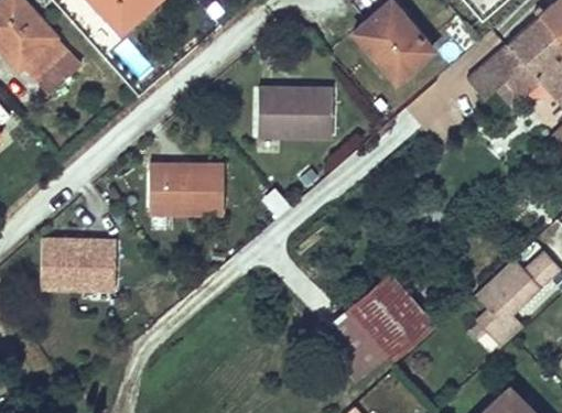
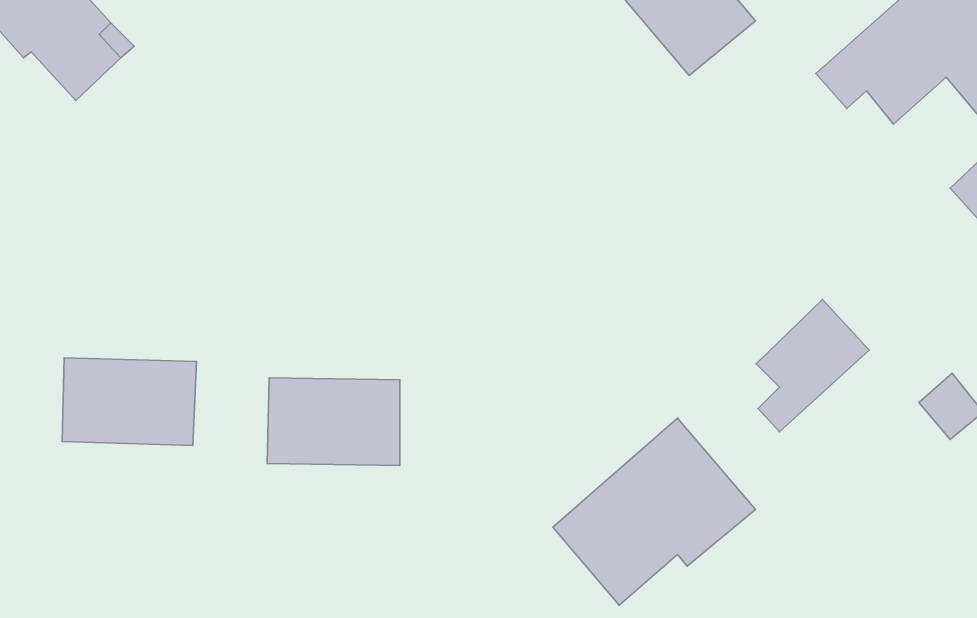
building: [259,88,334,138] -> none
building: [150,164,225,214] -> [267,378,400,465]
building: [477,259,541,334] -> [756,300,869,432]

